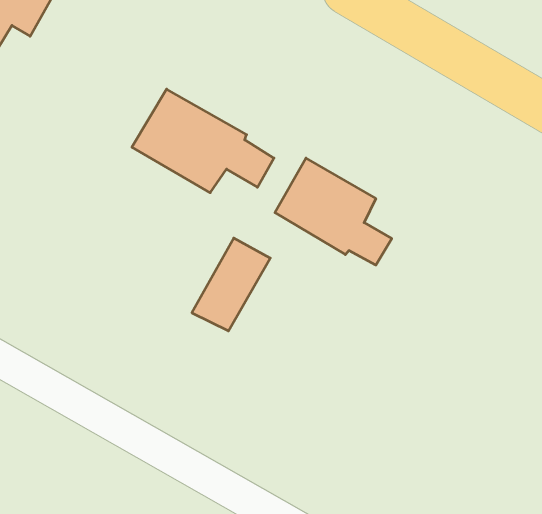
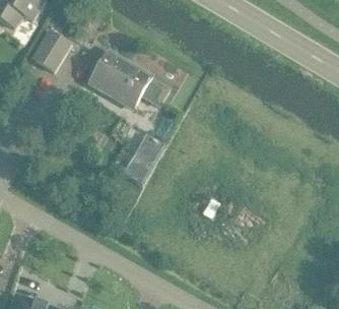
building: none -> [31,29,72,72]
building: [275,158,392,265] -> none

